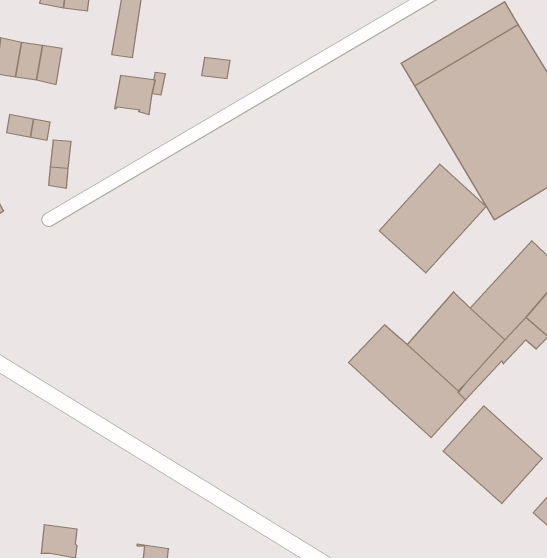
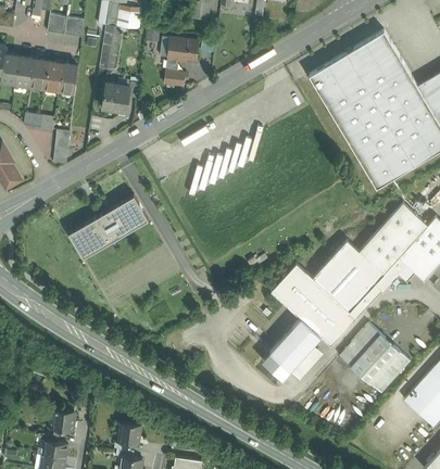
building: none -> [161,37,199,61]
building: none -> [59,64,78,92]
building: [379,164,486,273] -> none
building: none -> [68,194,148,258]
building: none -> [262,318,330,388]

